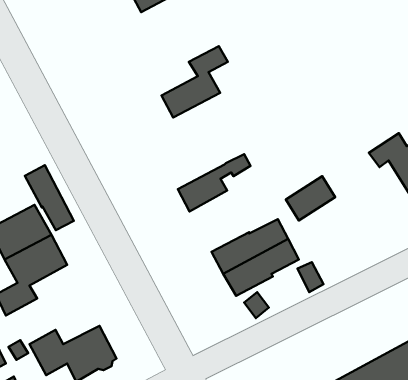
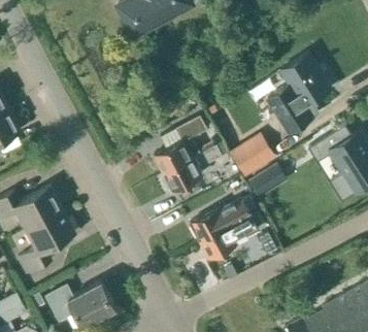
building: none -> [266,54,330,133]
building: [162,46,228,118] -> [153,118,205,174]
building: none -> [228,133,274,177]
building: [25,165,74,230] -> none

